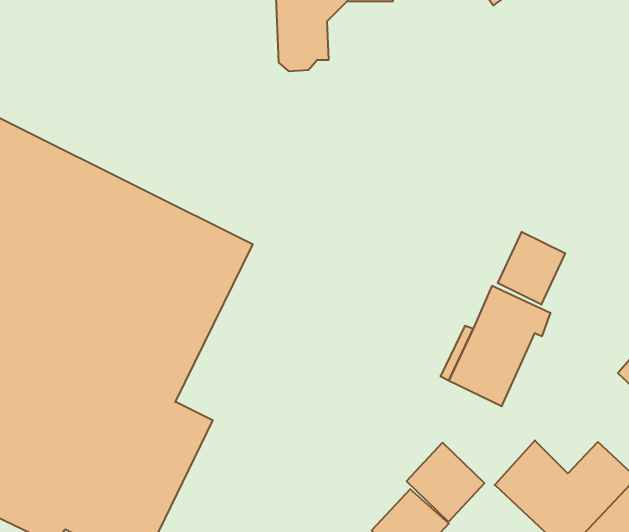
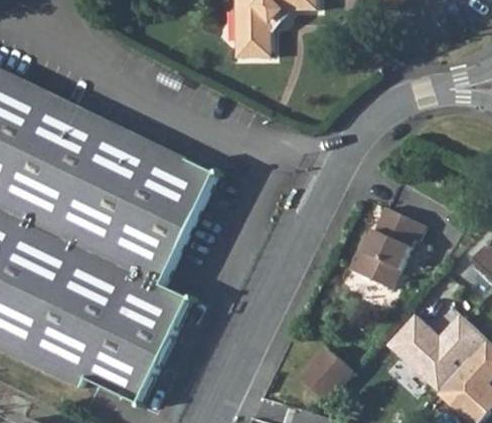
building: [498,232,565,305] -> none
building: [407,443,484,522] -> none

